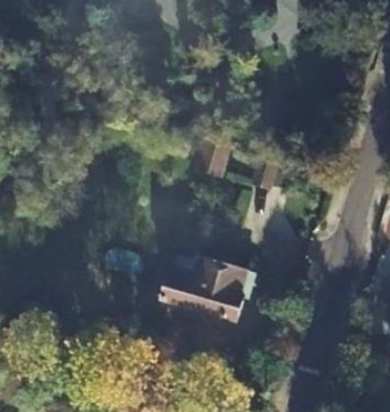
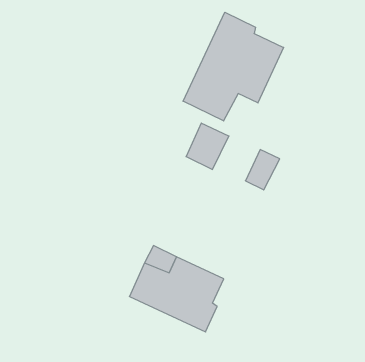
building: none -> [183,12,284,121]

